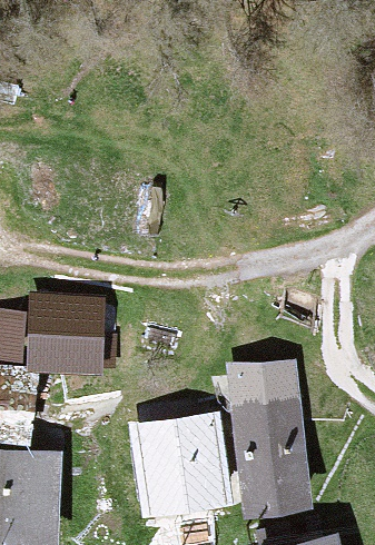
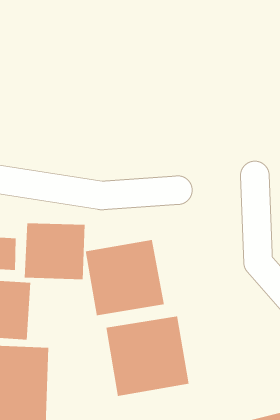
building: none -> [85,239,165,316]
building: [229,365,319,515] -> none

